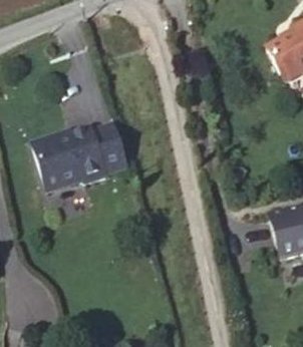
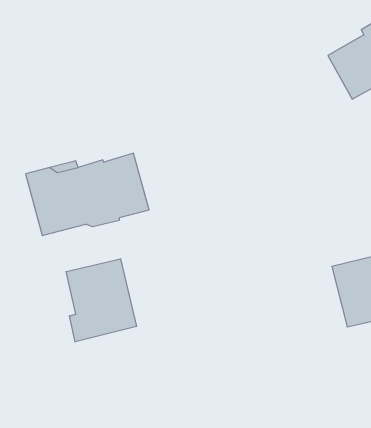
building: none -> [66,259,137,342]

